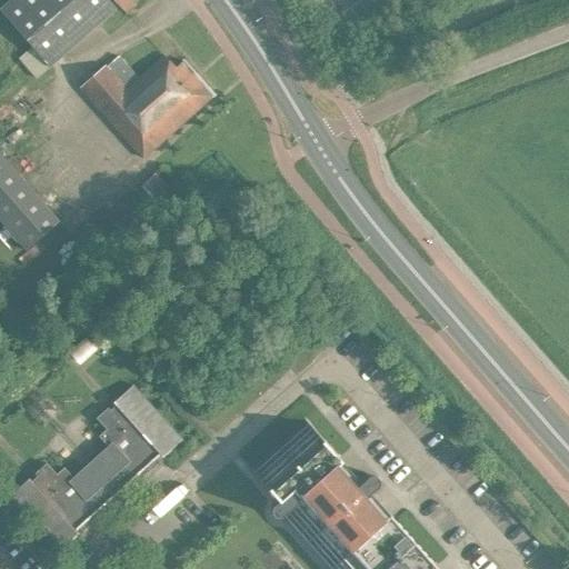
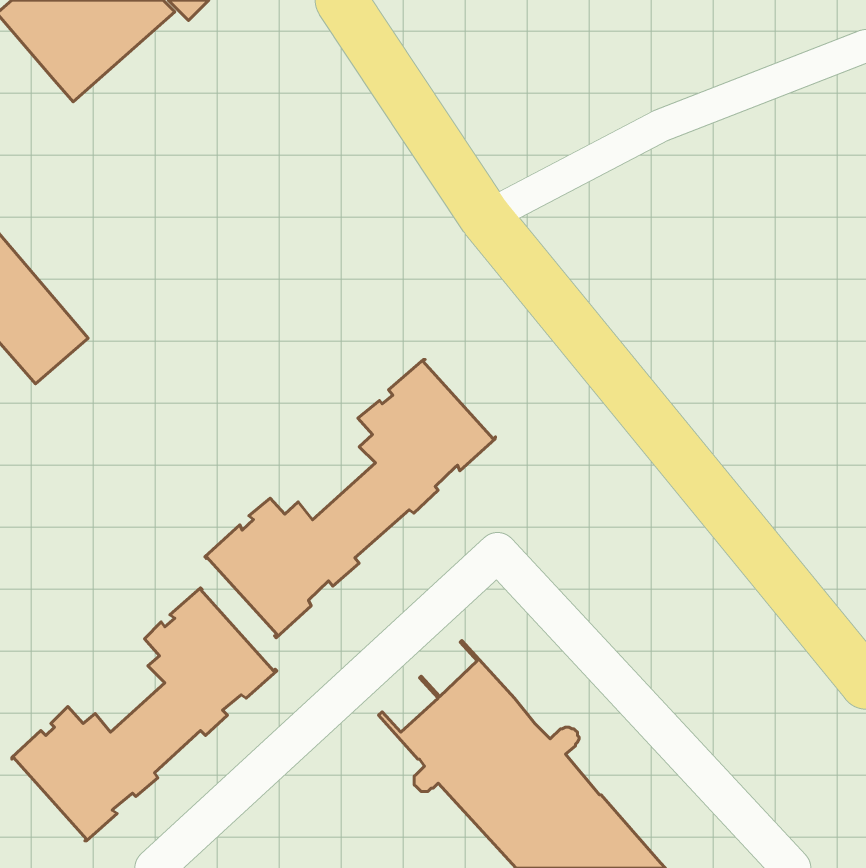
building: [78,54,212,158] -> none
building: none -> [205,360,495,638]

